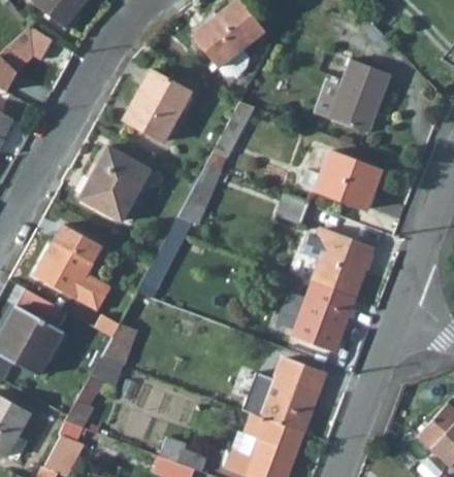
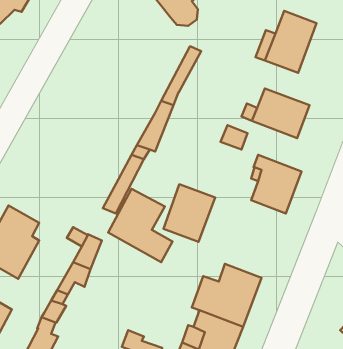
building: [123,69,192,143] -> none
building: [82,147,150,223] -> none
building: [34,226,110,312] -> [108,189,173,262]
building: [293,283,354,351] -> [164,184,215,242]

